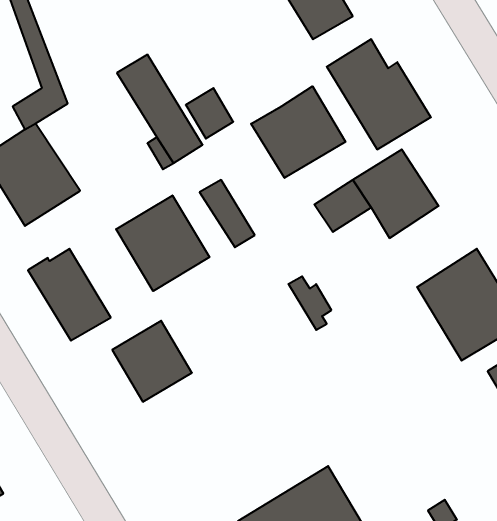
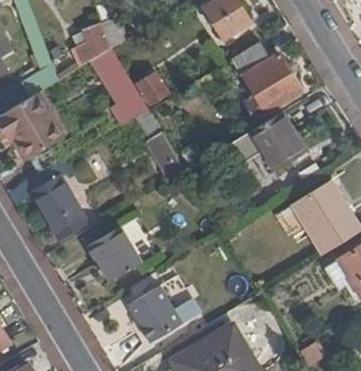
building: none -> [70,22,110,69]
building: [251,86,345,178] -> none
building: [116,195,209,291] -> none
building: none -> [128,286,200,342]

